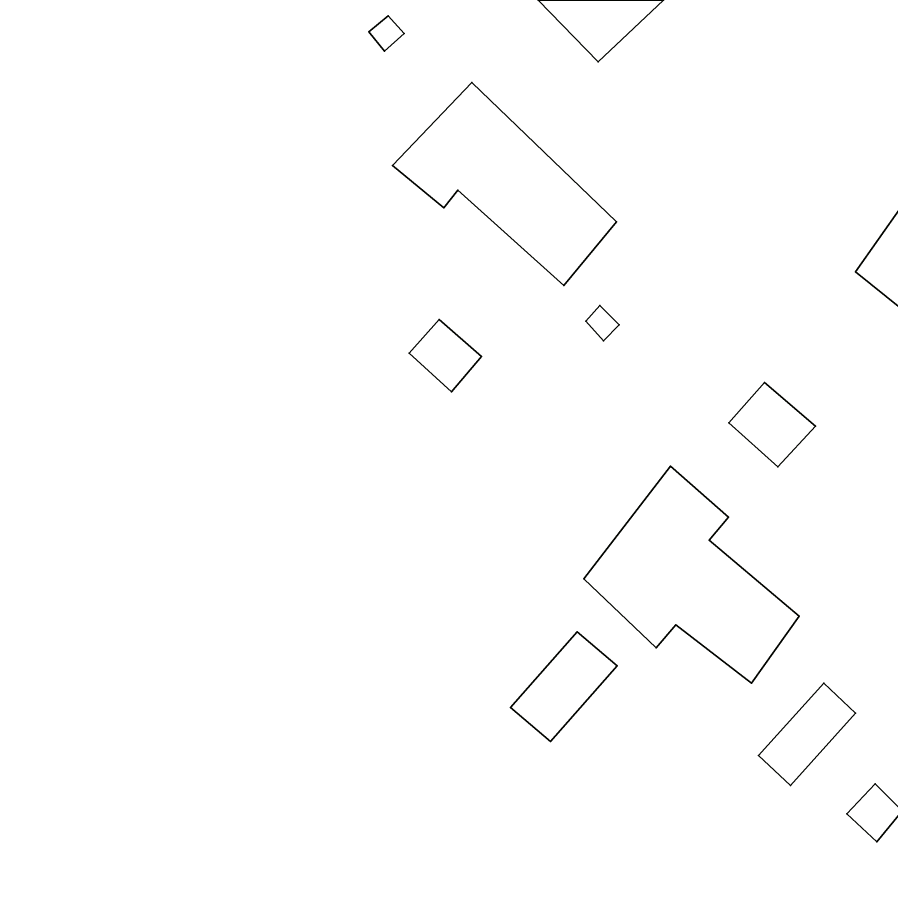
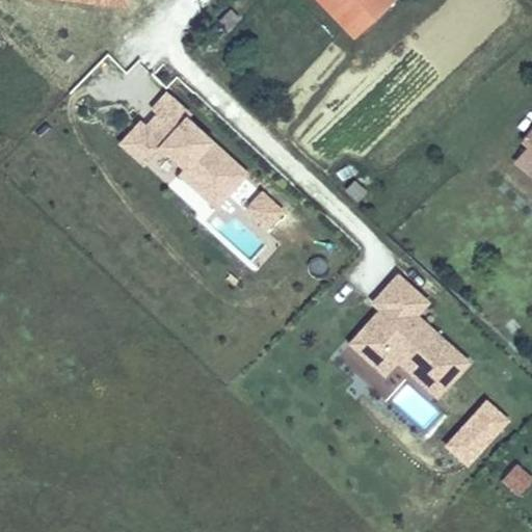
building: [393,83,617,286] -> [121,92,252,212]
building: [729,382,815,467] -> none
building: [510,632,617,741] -> none

